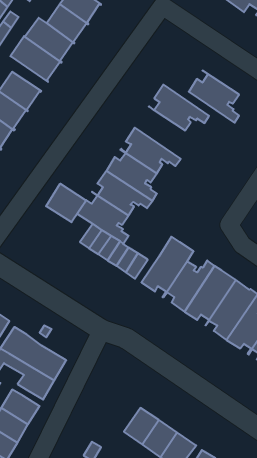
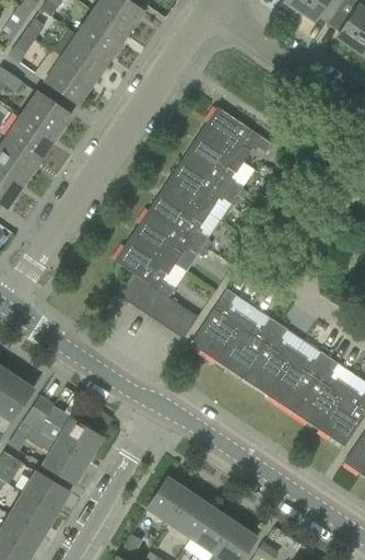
building: [189,71,239,123] -> [184,133,244,196]
building: [46,184,86,222] -> none
building: none -> [148,478,190,522]

